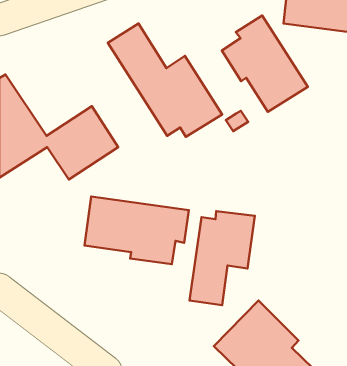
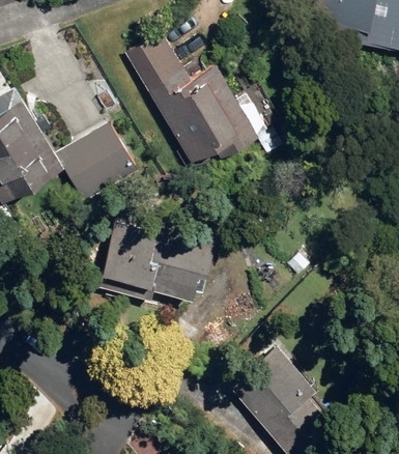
building: [222,15,308,112] -> none
building: [189,211,255,305] -> none

